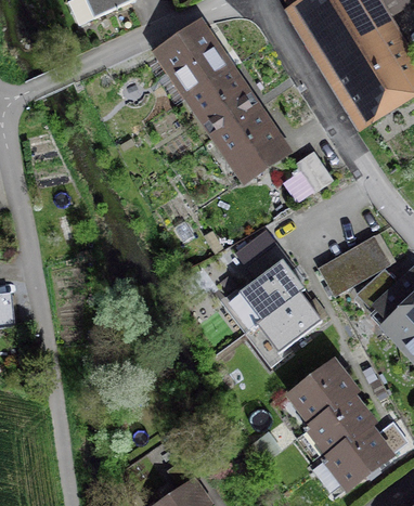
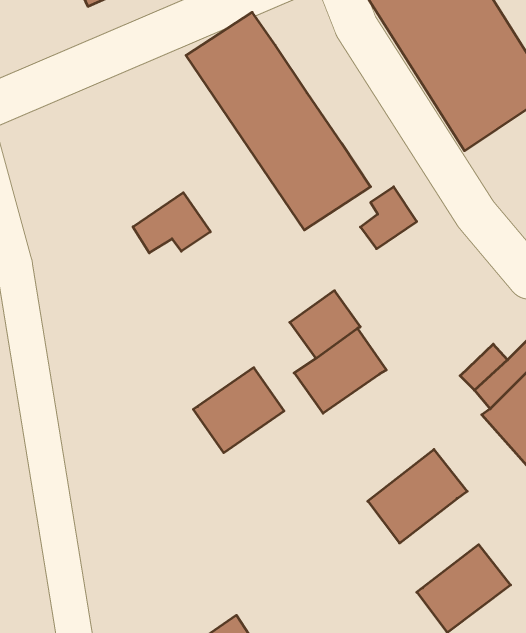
building: none -> [133,193,210,253]
building: [318,241,387,298] -> none
building: [253,297,321,361] -> [193,368,284,453]
building: [308,390,379,457] -> none

